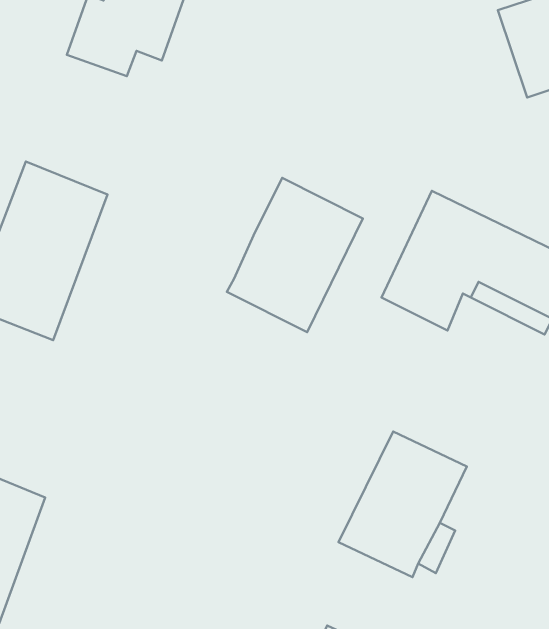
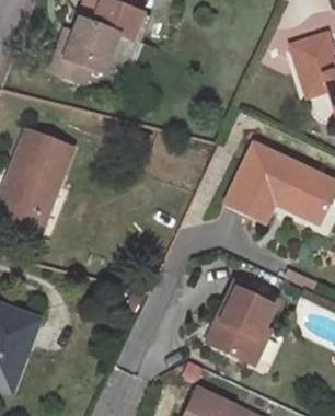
building: [227,178,363,332] -> none

